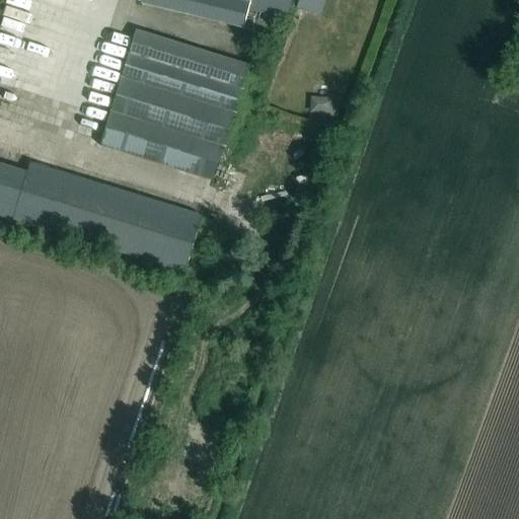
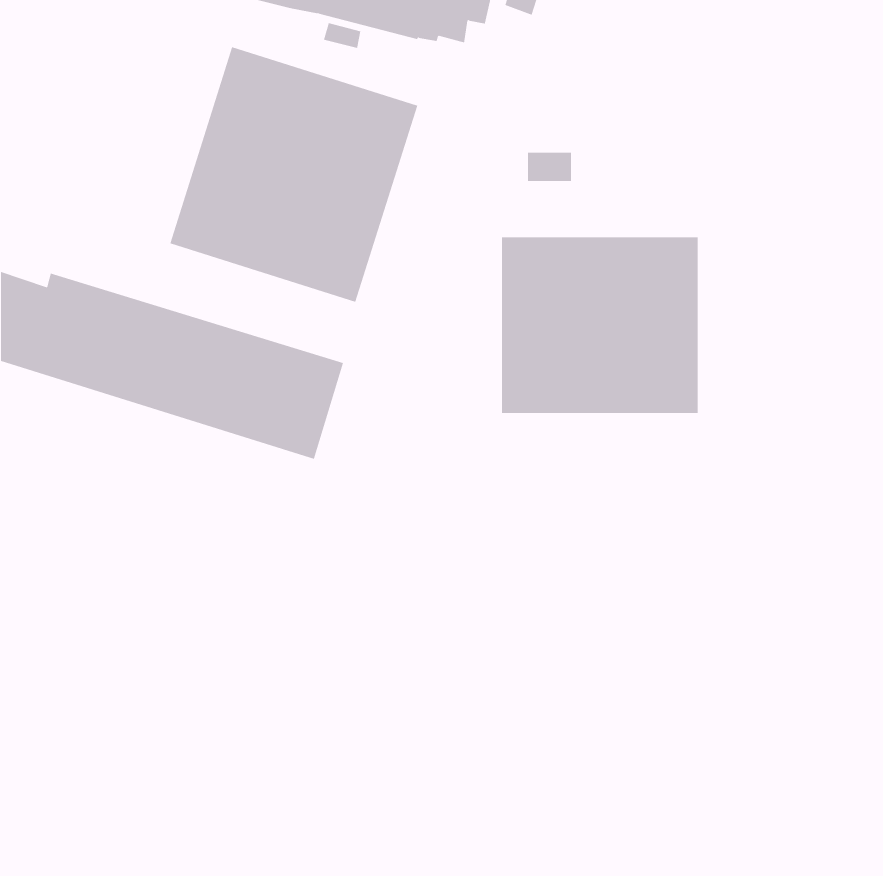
building: none -> [501,236,698,414]

